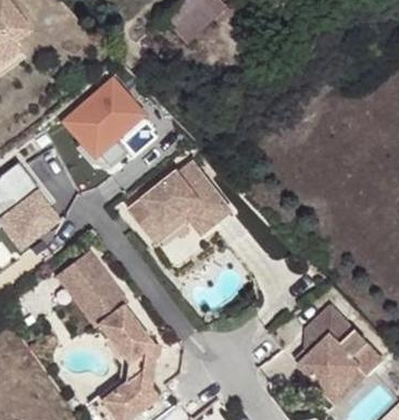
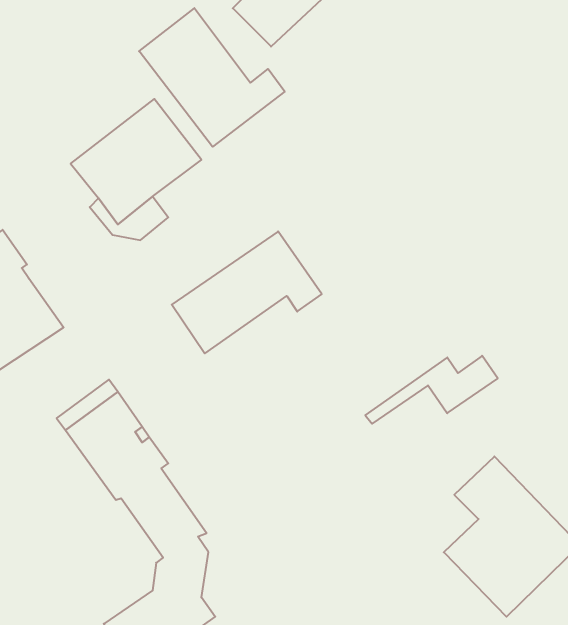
building: none -> [139,8,285,147]
building: [149,198,232,240] -> [365,356,498,424]

